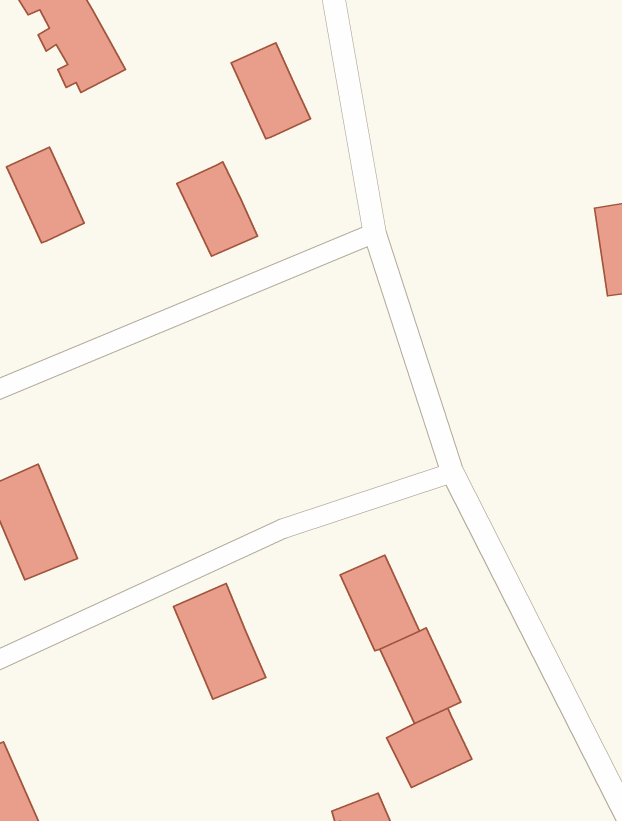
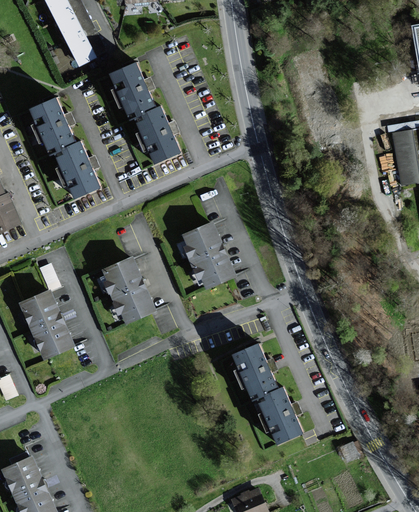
building: [231,43,310,139] -> [110,62,158,120]
building: none -> [55,141,103,198]
building: none -> [180,222,236,292]
building: [173,583,266,699] -> [100,256,156,326]
building: [386,708,472,787] -> none

